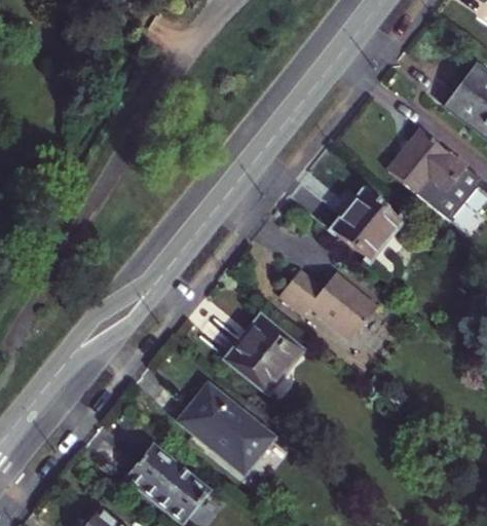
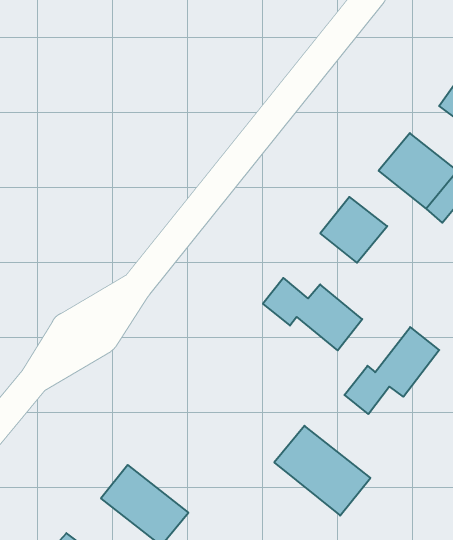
building: none -> [344,327,439,414]
building: [229,320,299,388] -> none
building: [179,385,270,471] -> [274,426,370,516]

